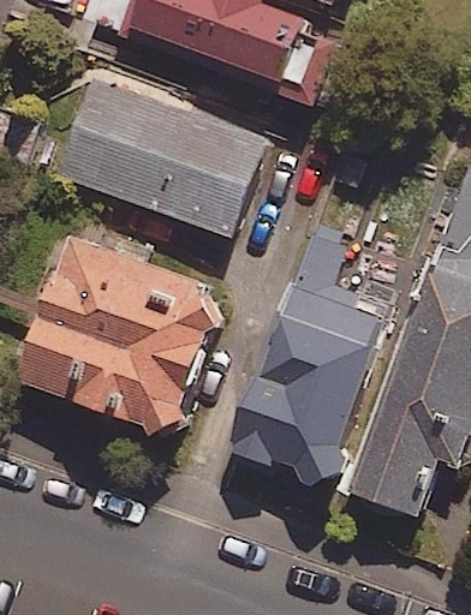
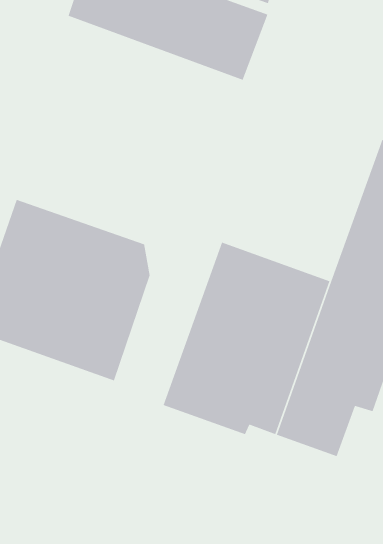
building: [59,73,268,235] -> none

